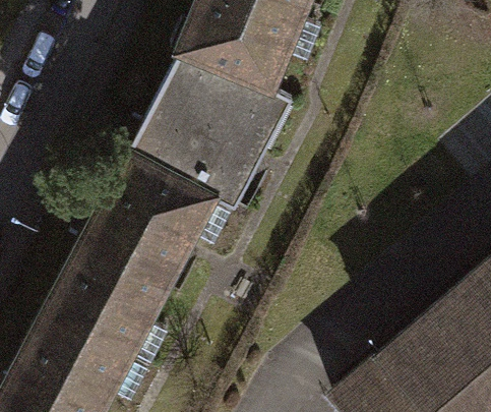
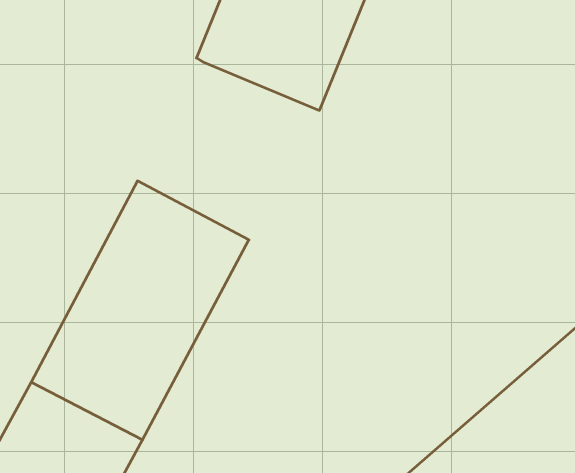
building: [131,53,281,197] -> none

